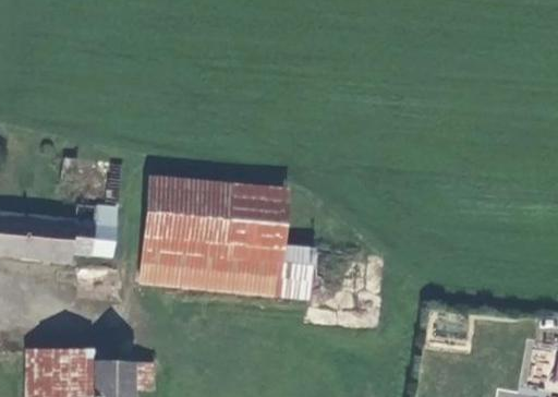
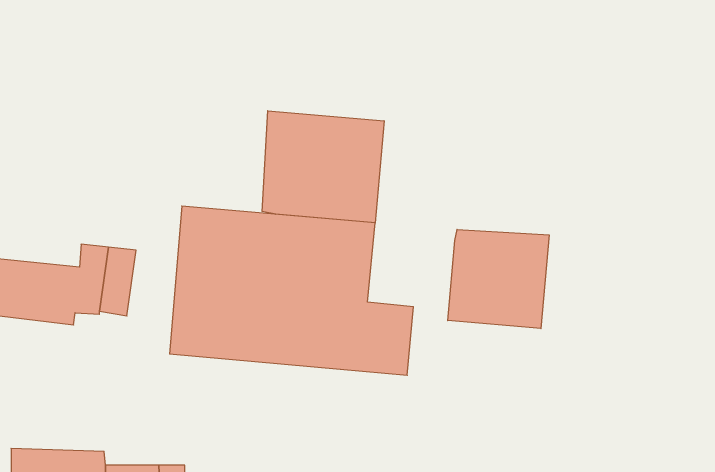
building: none -> [262,111,384,223]
building: none -> [448,229,549,329]

